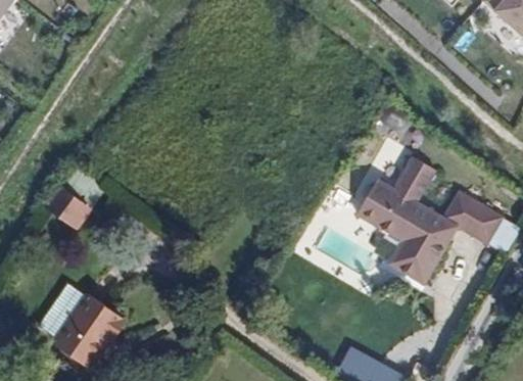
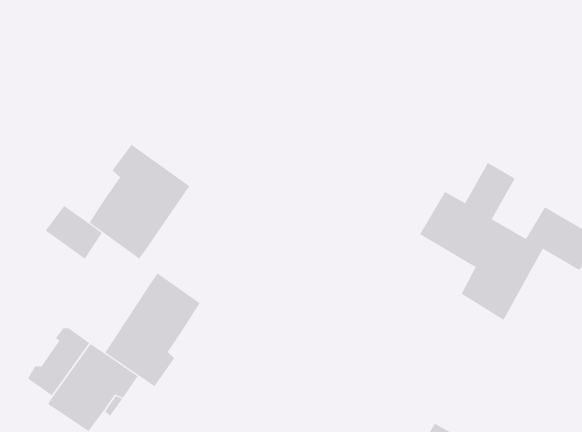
building: none -> [89,144,190,260]
building: none -> [104,273,200,387]

